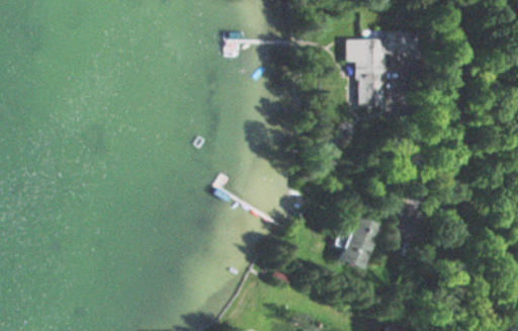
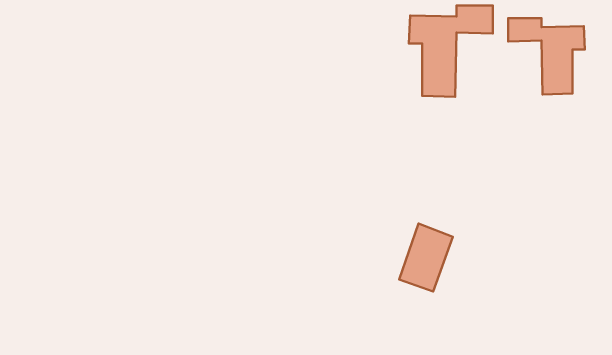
building: none -> [508,18,585,94]

